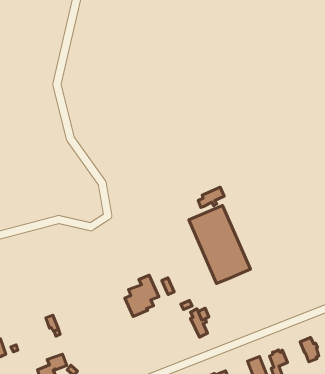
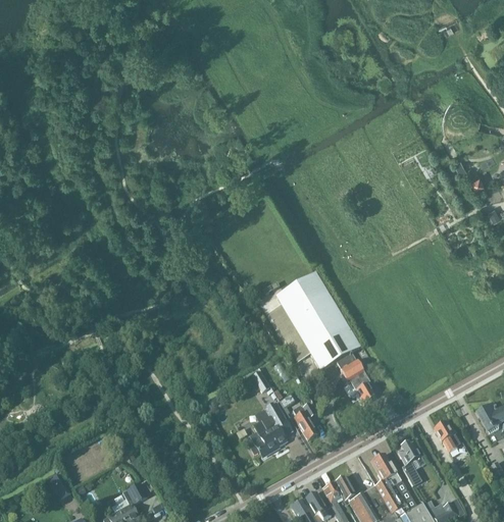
building: [198,187,224,208] -> none
building: none -> [337,352,376,404]
building: [125,275,159,316] -> [250,405,292,459]

